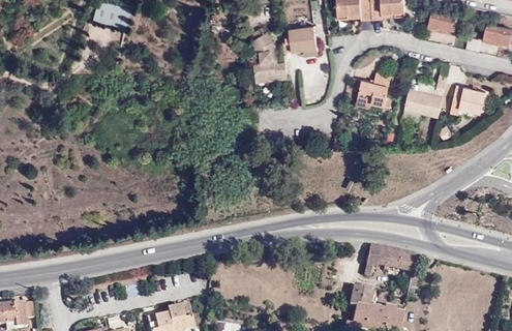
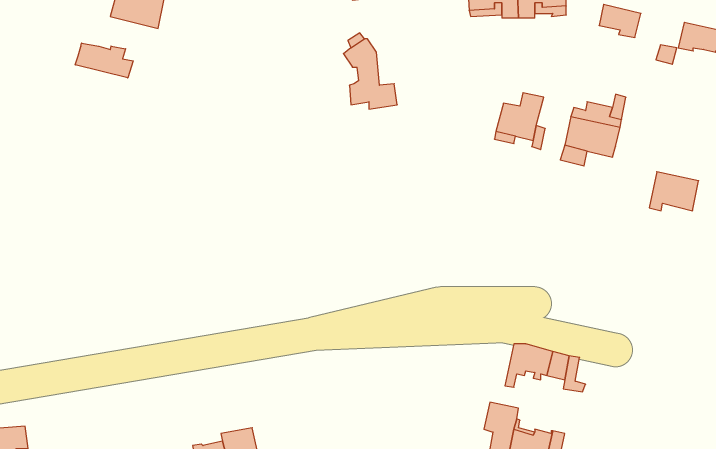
building: [283,29,318,55] -> none
building: none -> [75,43,133,78]
building: [451,85,485,112] -> [649,172,699,211]

